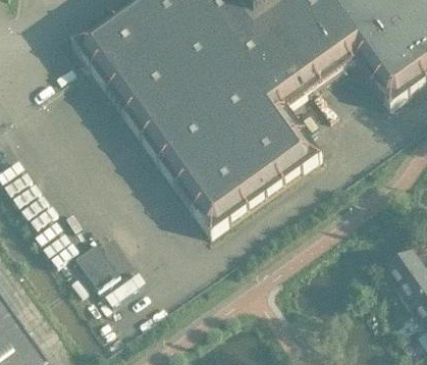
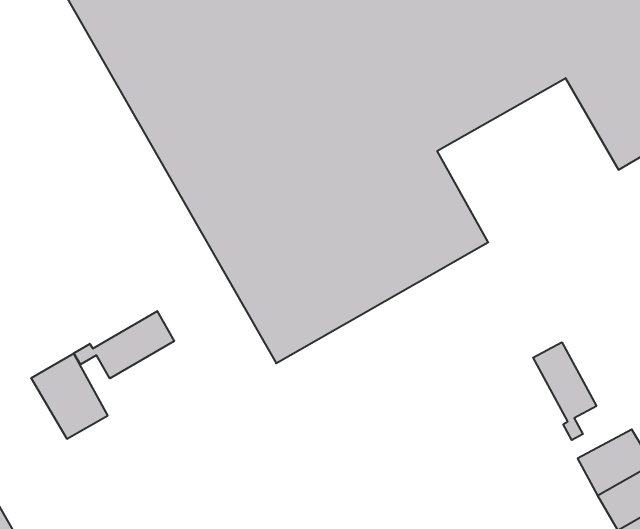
building: none -> [533,342,596,440]
building: none -> [74,311,174,378]

